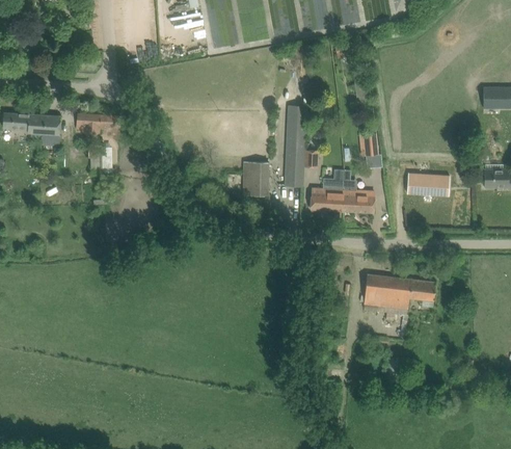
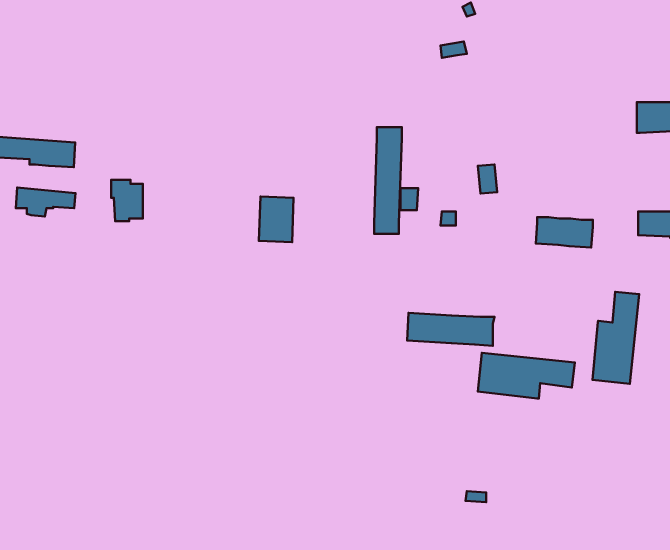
building: [76,112,120,134] -> [16,188,75,217]
building: [242,161,268,195] -> [259,196,294,242]
building: [310,188,375,213] -> [407,313,494,346]
building: none -> [592,292,639,384]

